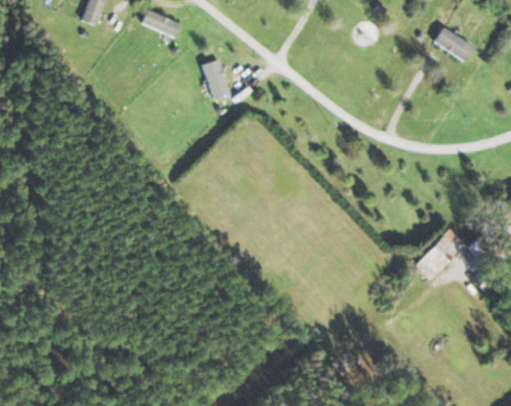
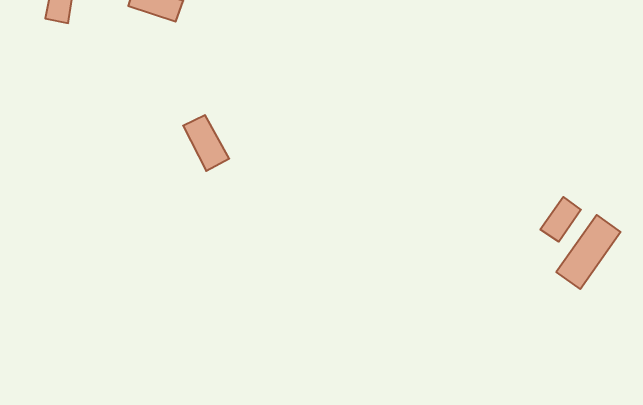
building: [202,60,231,100] -> [183,115,229,171]
building: none -> [540,197,581,242]

